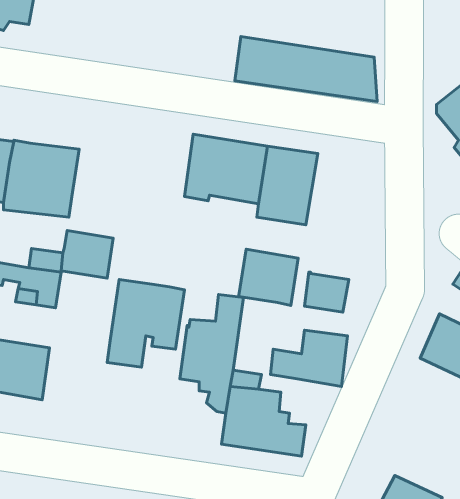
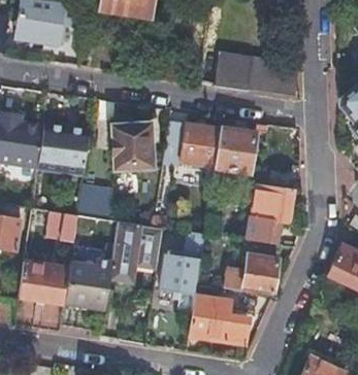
building: none -> [115,121,156,168]
building: [239,249,298,306] -> [252,183,293,223]
building: none -> [65,244,112,310]

